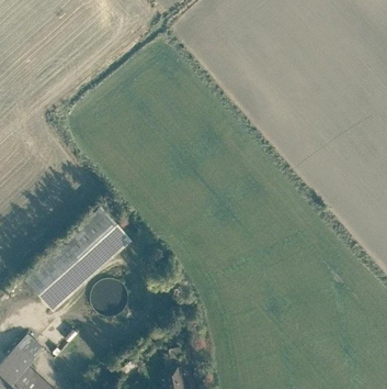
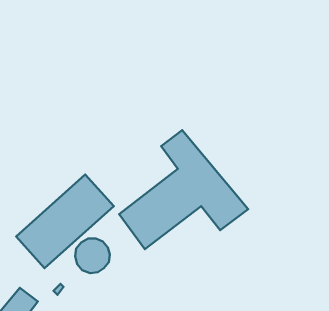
building: none -> [119,130,248,249]

